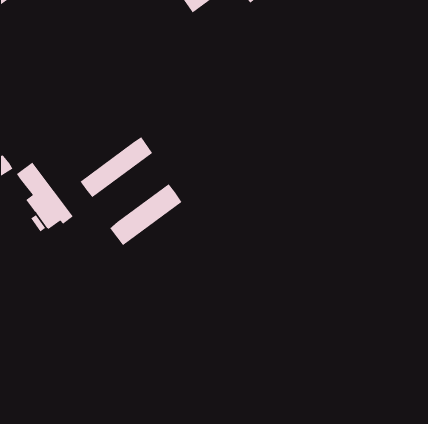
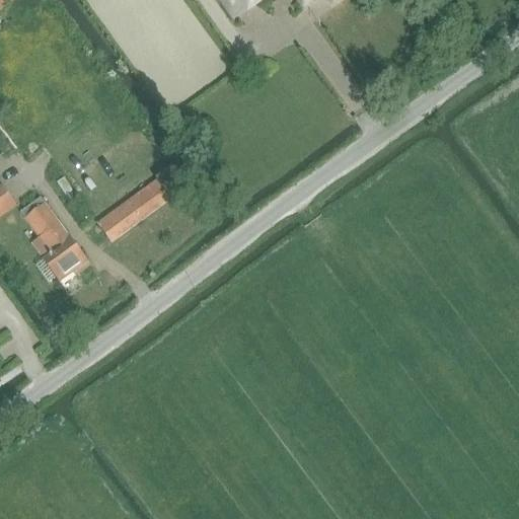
building: [109,183,183,246] -> none

